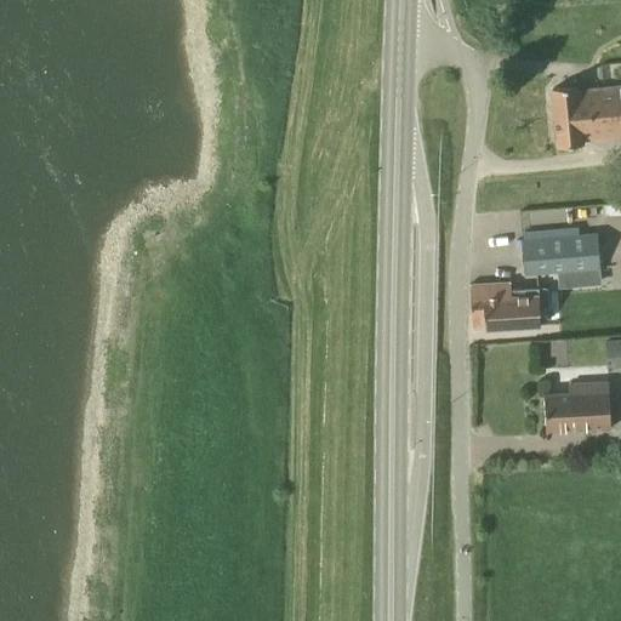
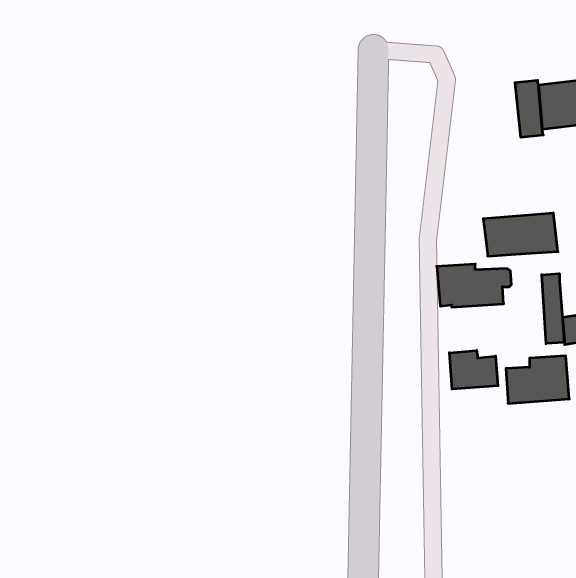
building: none -> [542,274,564,344]
building: none -> [449,350,498,389]

